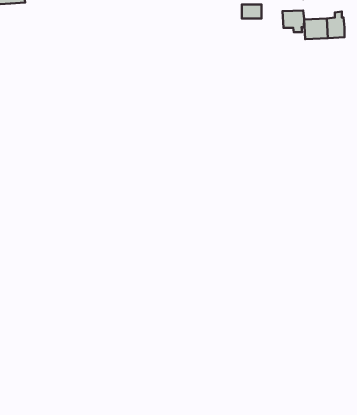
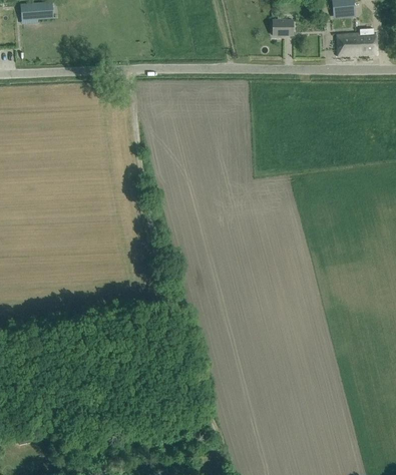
building: [283,10,304,32] -> none

